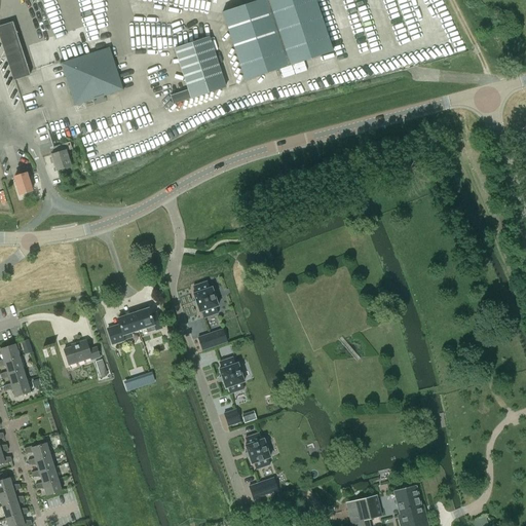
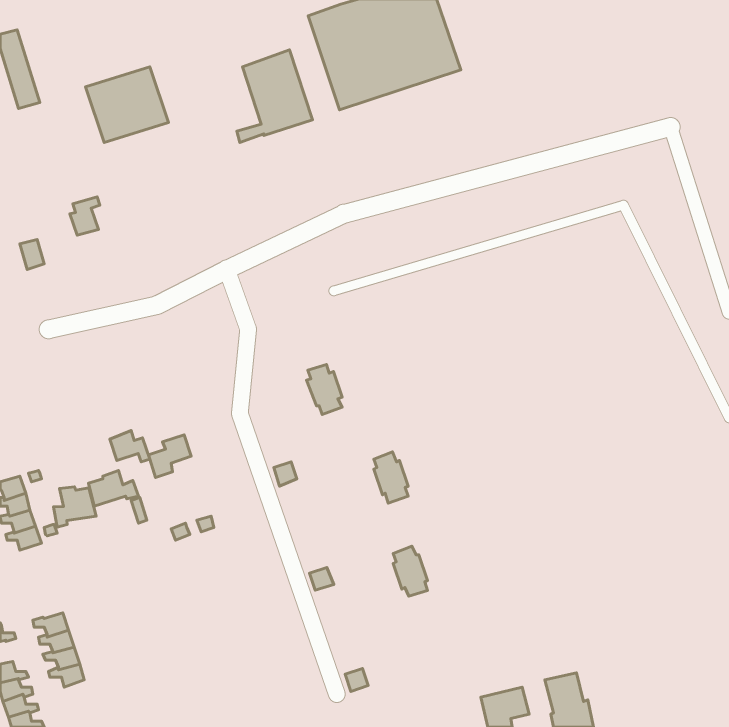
building: [192,281,218,317] -> [306,364,342,414]
building: [133,307,161,330] -> [110,431,150,462]
building: none -> [54,487,96,527]
building: [219,356,243,393] -> [374,452,408,503]
building: [245,433,269,468] -> [393,546,428,596]

